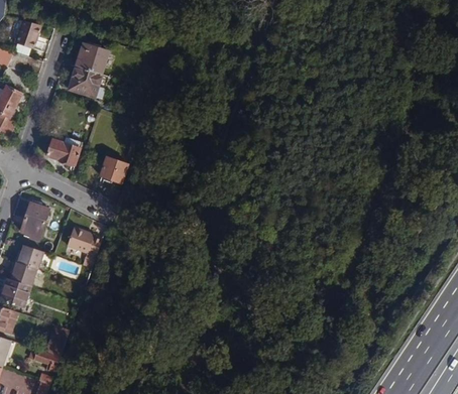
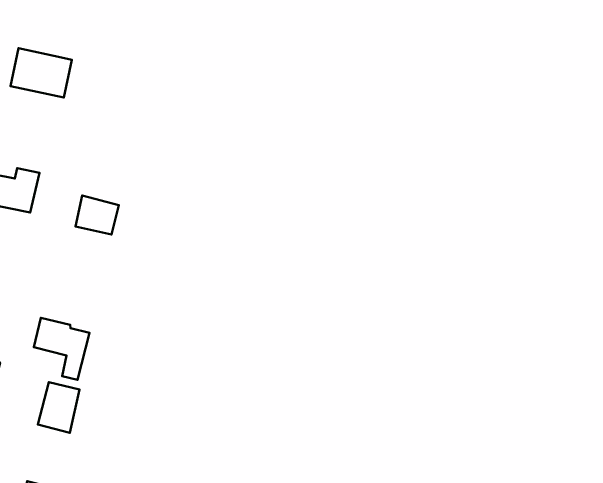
building: [77,43,108,74] -> none
building: none -> [38,382,79,433]

